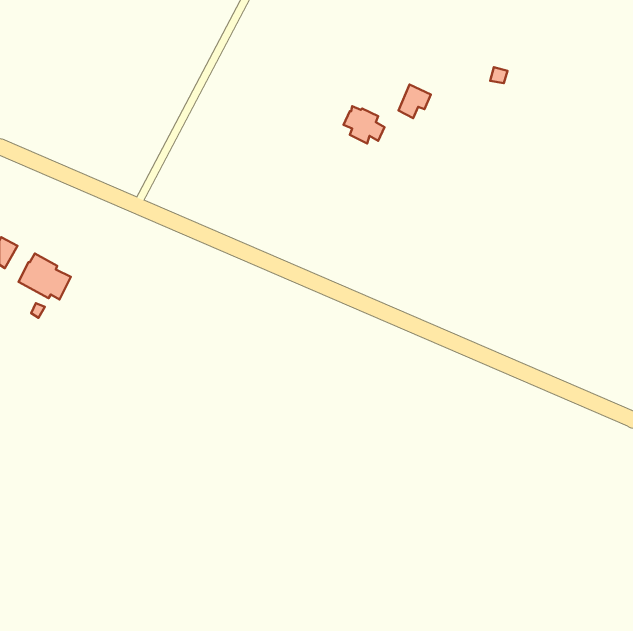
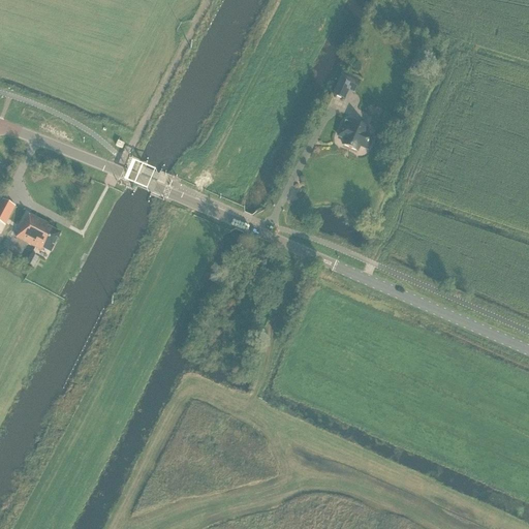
building: [344,106,385,143] -> [337,118,371,149]

